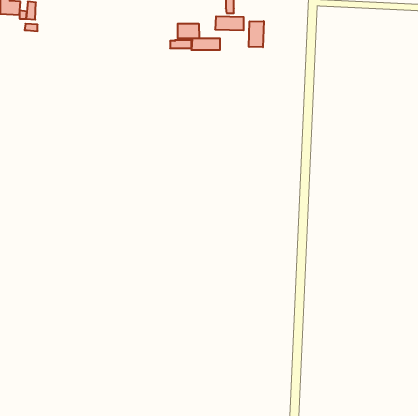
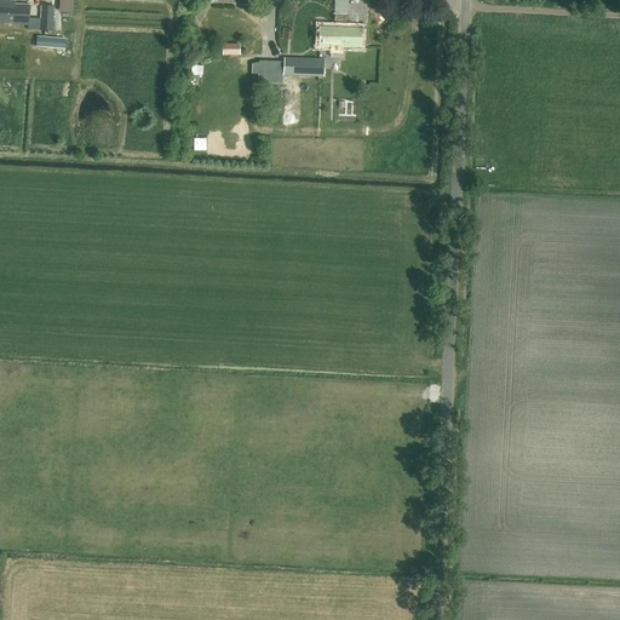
building: [249,21,264,47] -> none
building: [178,24,199,38] -> none

